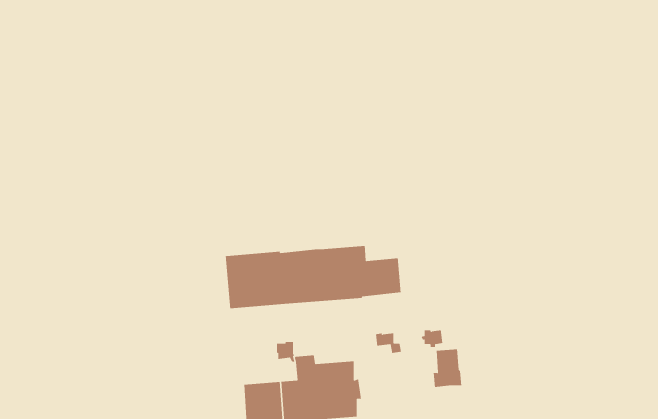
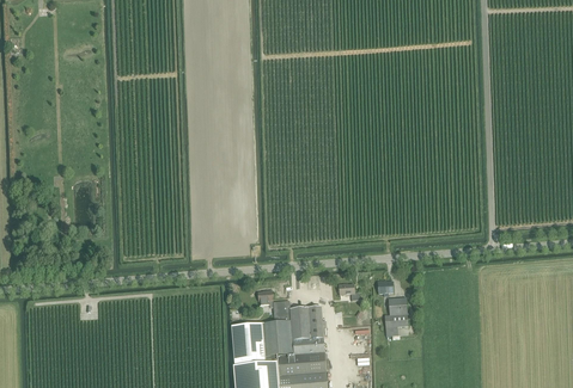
building: [225,245,401,309] -> none

